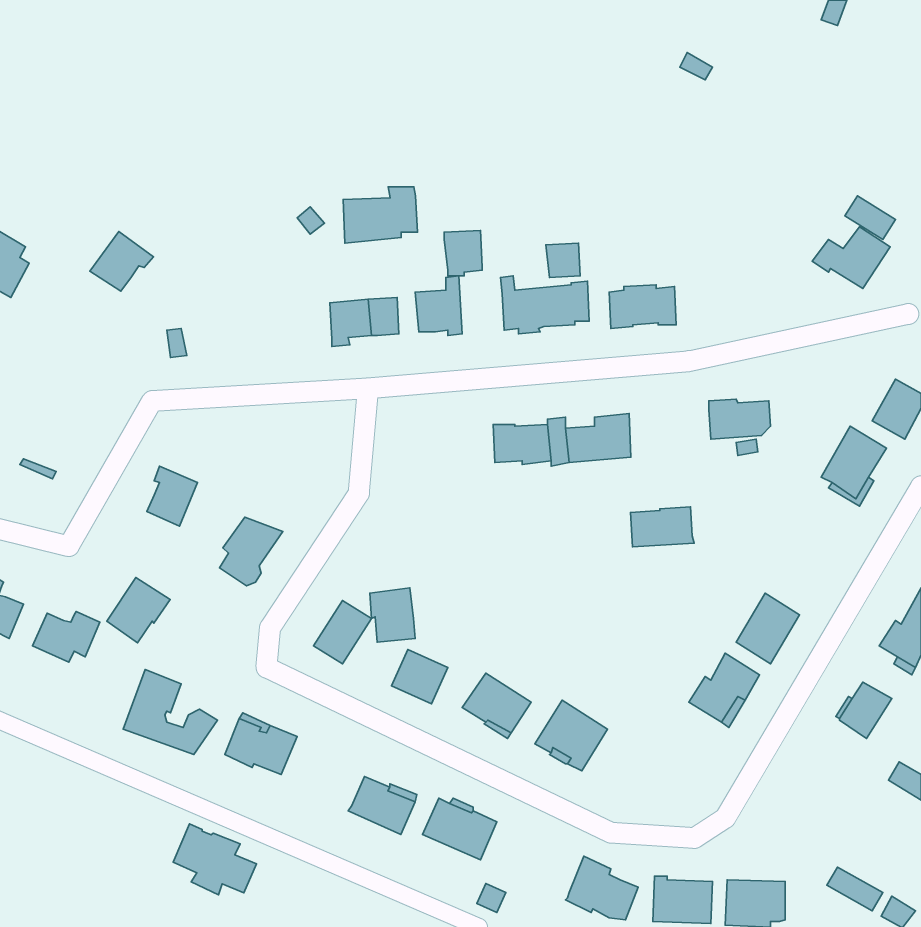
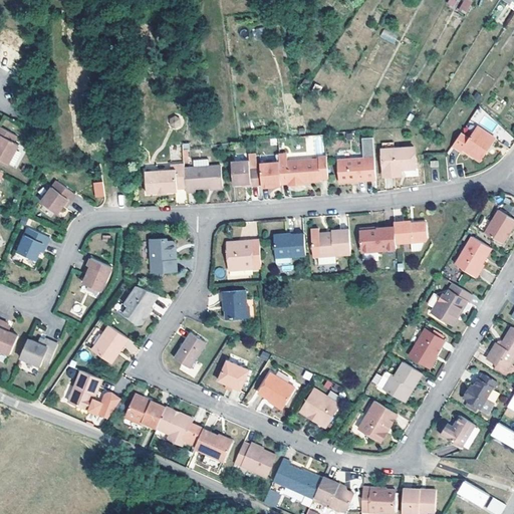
building: [343,187,417,243] -> [143,163,184,194]
building: [444,230,482,276] -> [258,163,279,188]
building: [90,231,153,291] -> [38,181,73,214]
building: none -> [379,148,414,177]
building: none -> [15,228,47,260]
building: none -> [149,238,175,272]
building: none -> [228,241,260,270]
building: [631,507,694,547] -> [359,227,395,249]
building: none -> [431,283,471,325]
building: [107,578,170,643] -> [91,325,126,361]
building: [370,588,415,642] -> [222,289,247,319]
building: none -> [358,401,397,442]
building: none -> [443,416,475,447]
building: [173,824,257,895] -> [156,408,202,447]
building: none -> [273,457,323,497]

